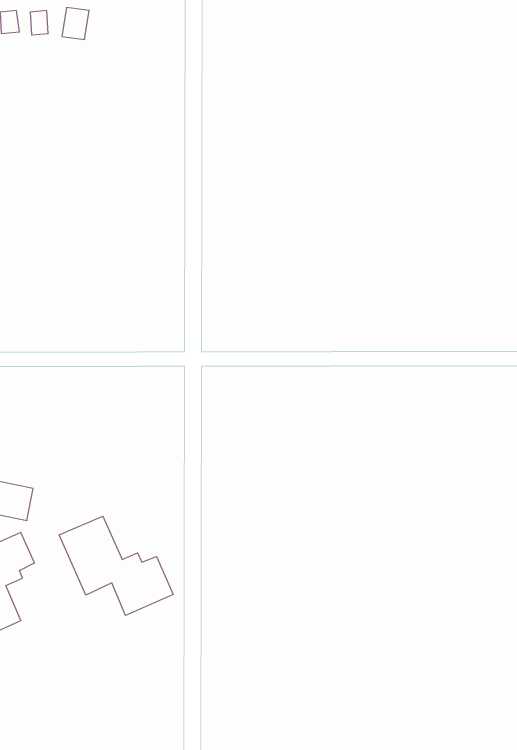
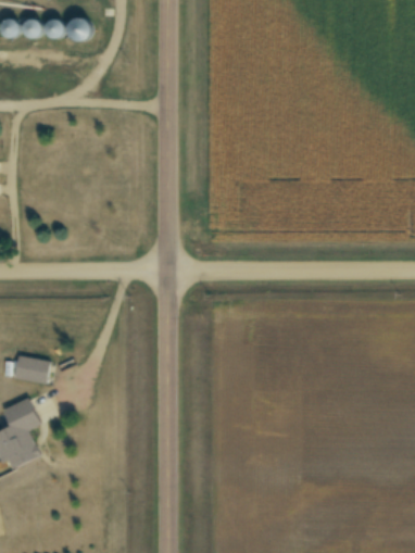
building: [59,516,173,615] -> none

